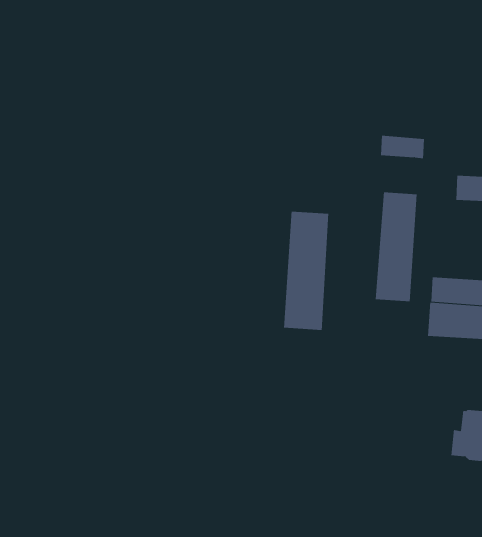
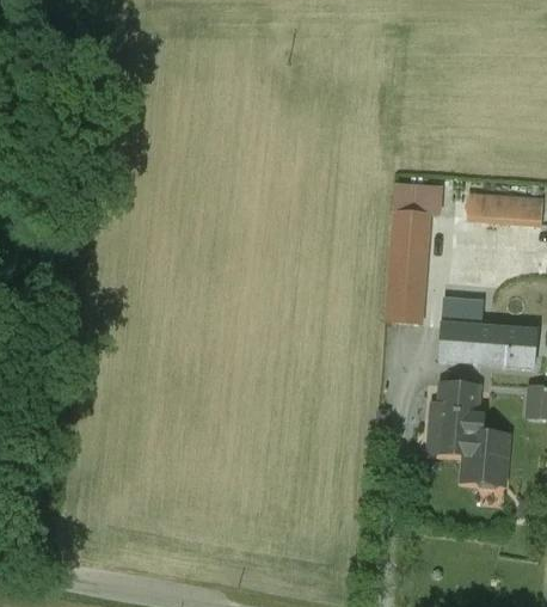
building: [380,135,425,159] -> [394,191,440,215]
building: [283,211,329,331] -> none
building: none -> [428,382,480,453]

